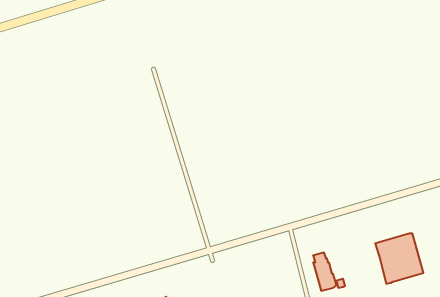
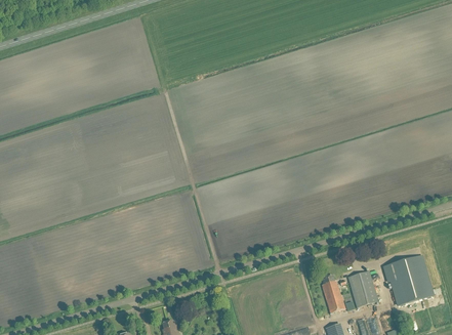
building: none -> [347,270,377,306]

